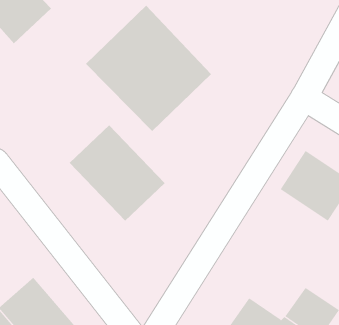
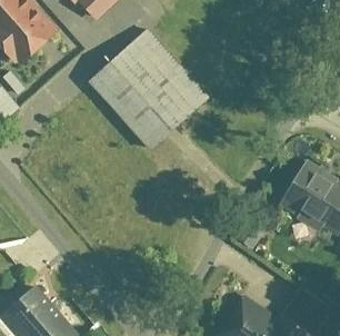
building: [69,125,165,222] -> none

